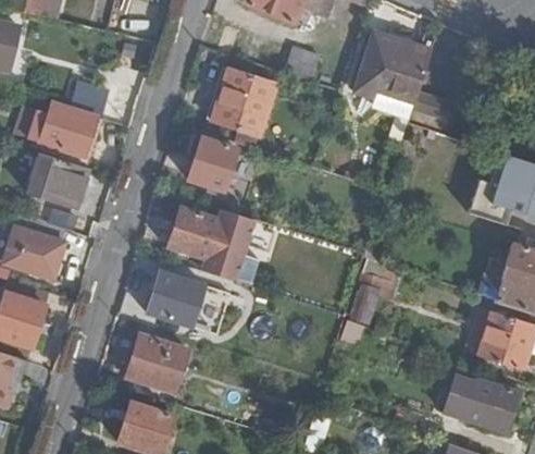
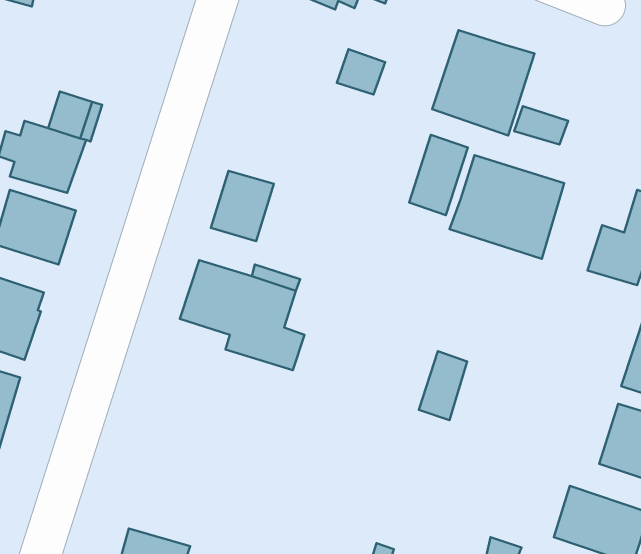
building: [213,69,275,136] -> none
building: none -> [409,135,468,215]
building: none -> [450,155,564,259]
building: [147,272,203,328] -> none
building: [126,334,189,393] -> none

